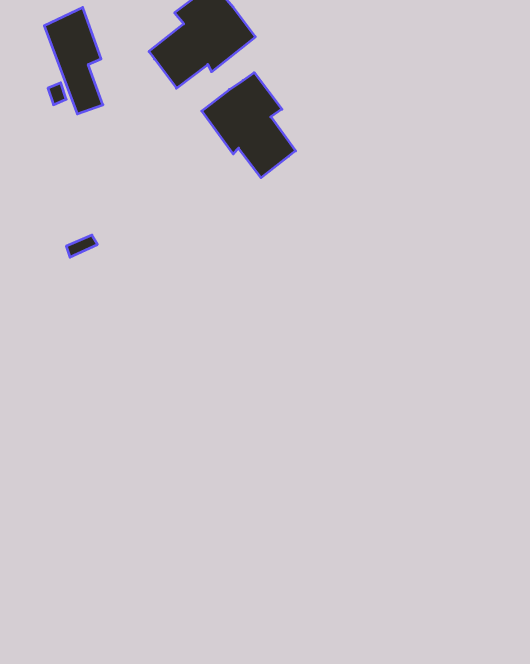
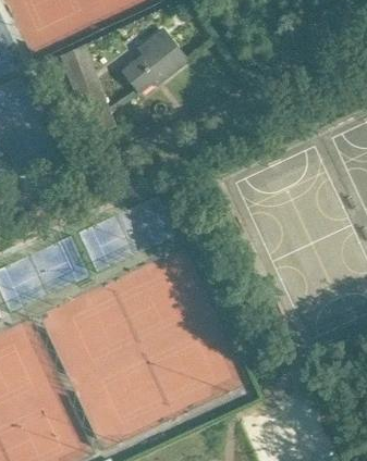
building: [202,73,296,178] -> none

